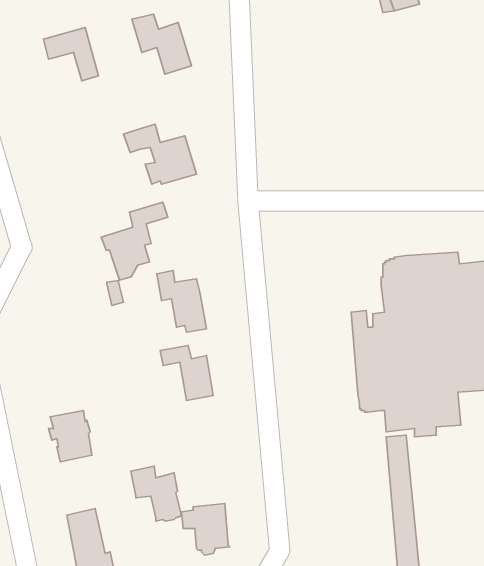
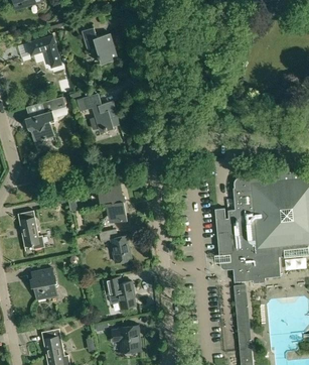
building: [101,202,168,280] -> [24,98,64,145]
building: none -> [17,211,44,249]
building: [131,466,181,521] -> [105,276,135,310]

